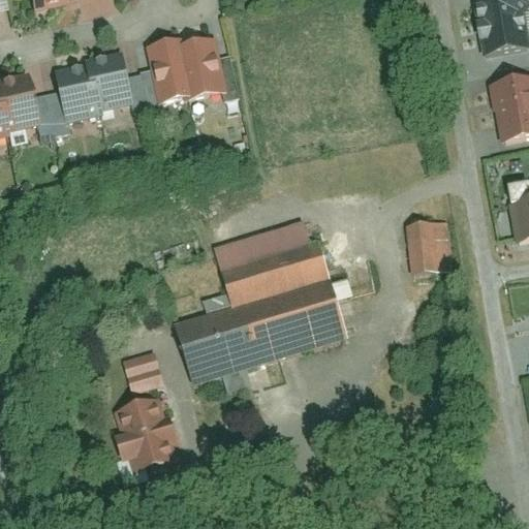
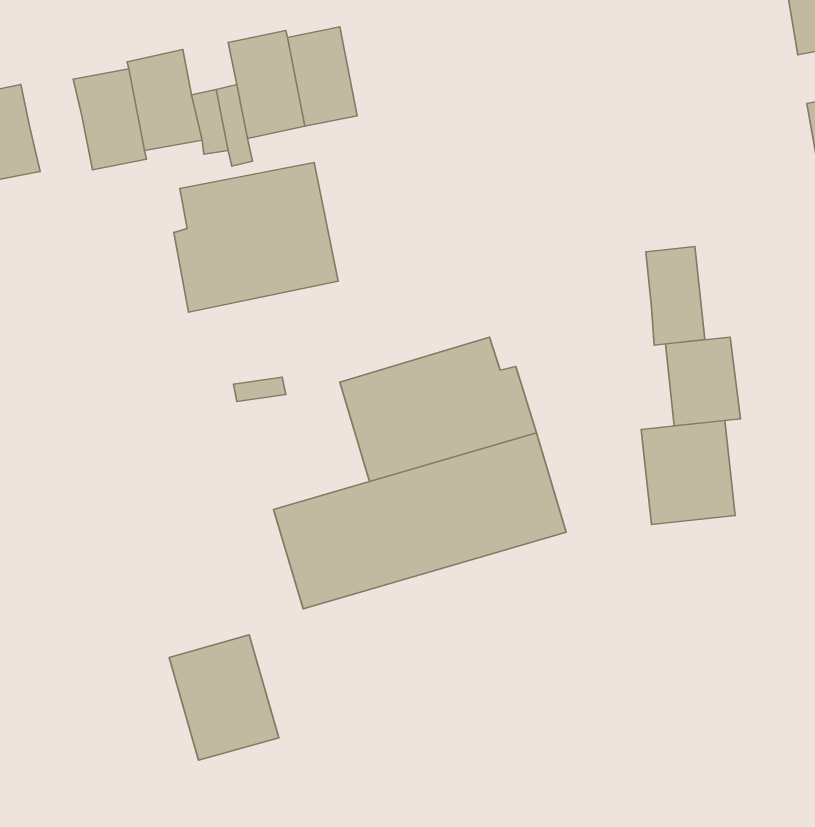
building: [30,90,67,123] -> none
building: none -> [174,162,338,312]
building: none -> [646,247,705,345]
building: none -> [641,421,735,524]
building: [124,350,164,394] -> none

